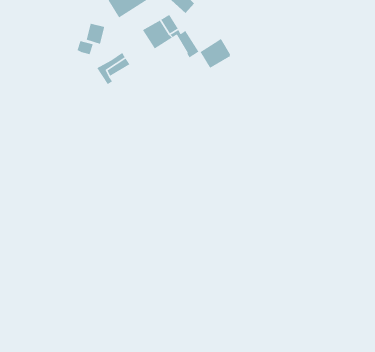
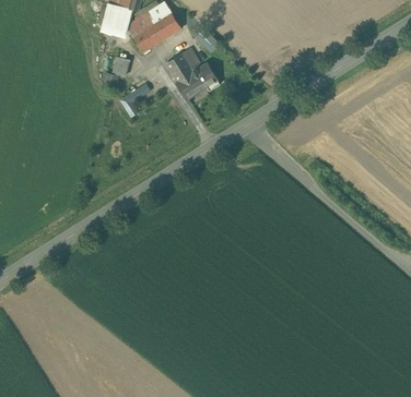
building: [199,38,232,69] -> [176,69,207,98]

